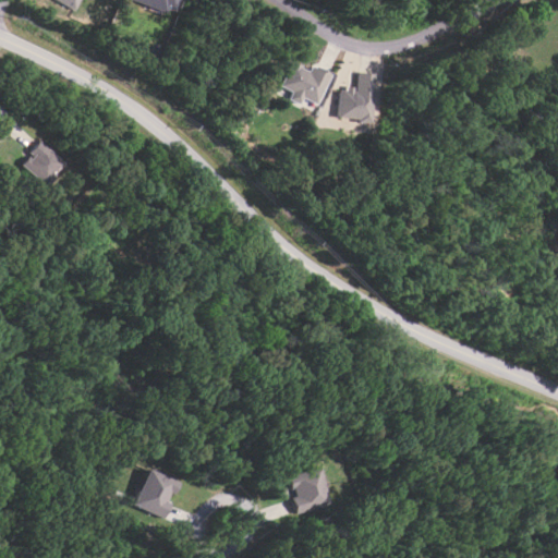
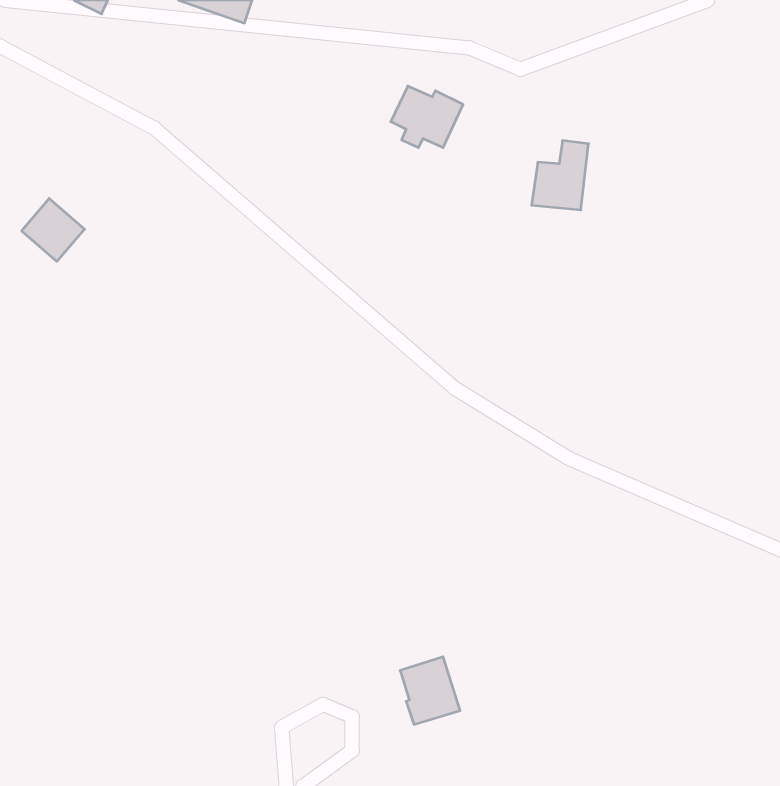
building: [337,72,377,121] -> [532,141,589,210]
building: [134,469,180,518] -> none

